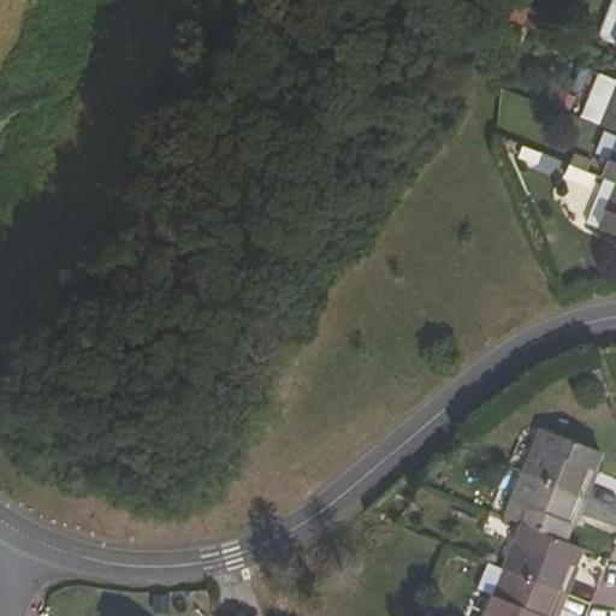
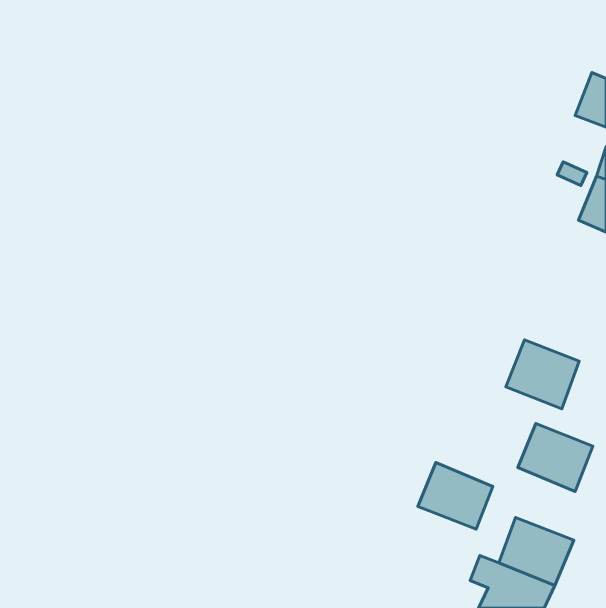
building: none -> [506,340,579,409]
building: [505,473,581,540] -> [418,463,493,529]

